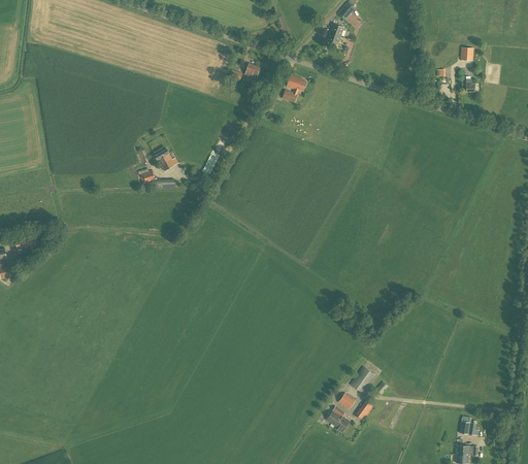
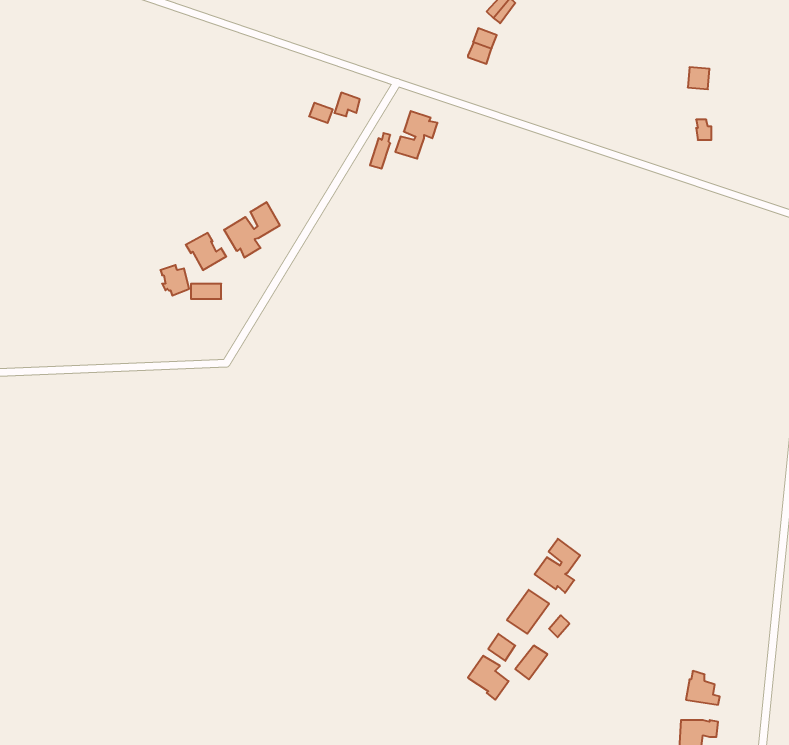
building: none -> [224,202,280,258]
building: none -> [535,539,580,593]

